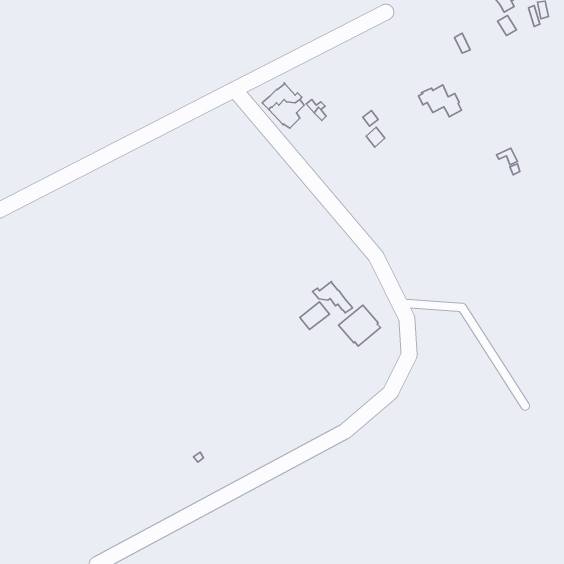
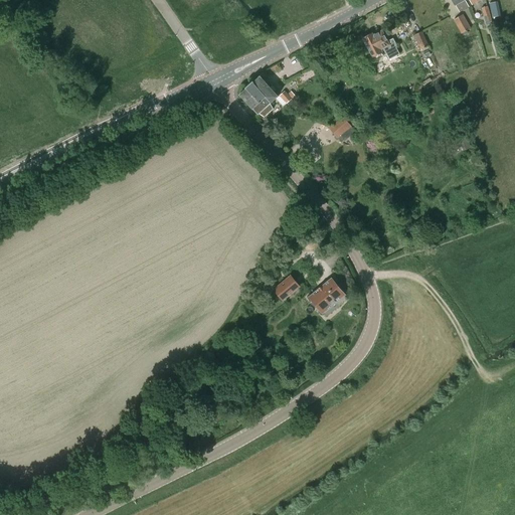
building: [418,85,461,117] -> [359,30,398,59]
building: [313,282,352,313] -> none

